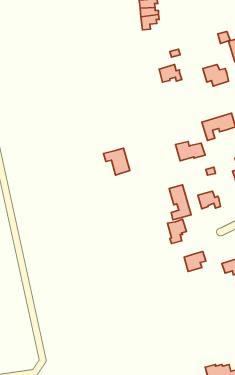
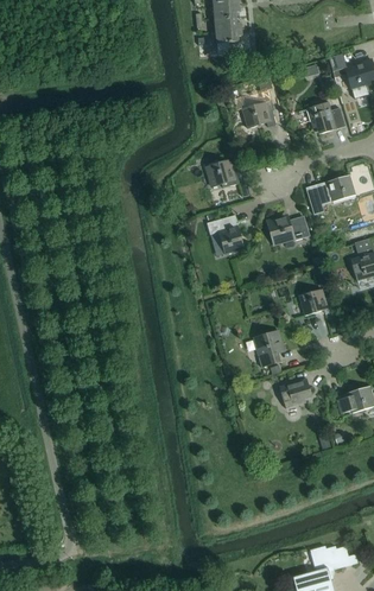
building: none -> [205,160,239,188]
building: [103,148,130,175] -> [205,215,245,255]
building: [169,185,191,220] -> none

